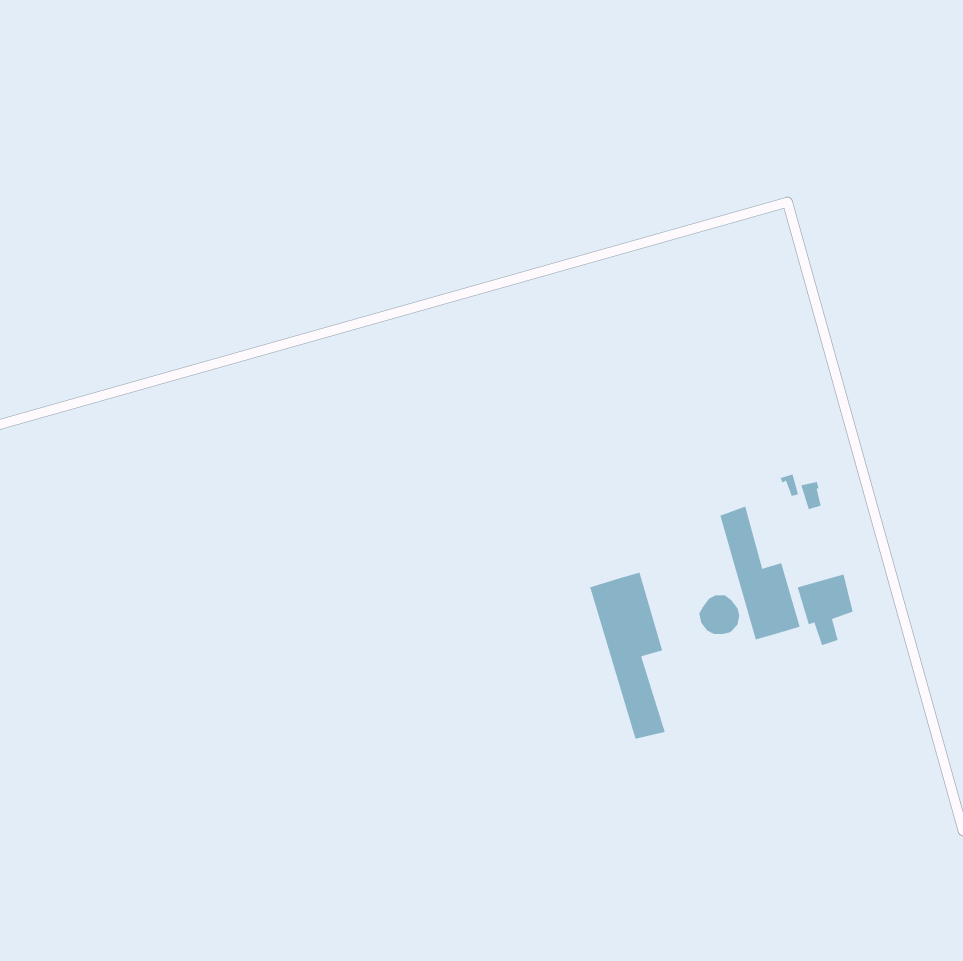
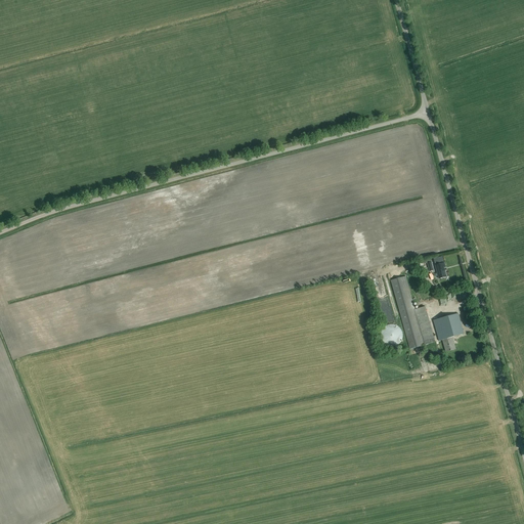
building: [589,572,666,740] -> none

